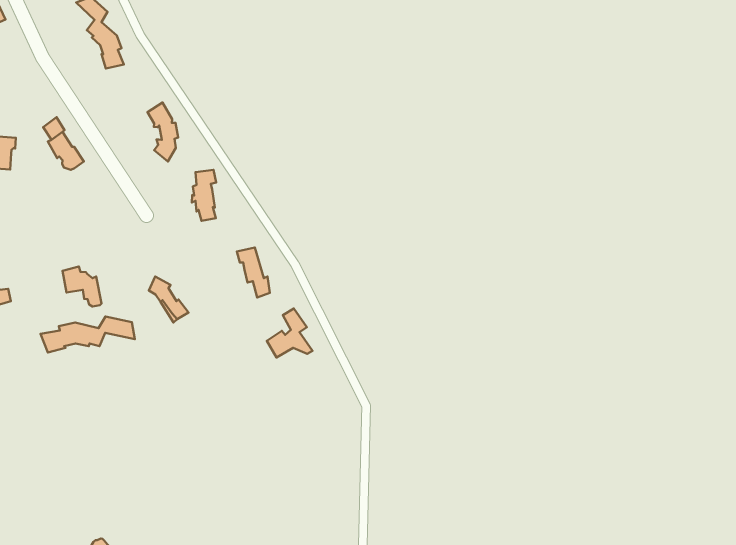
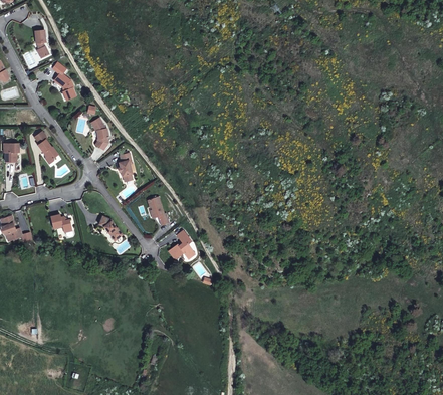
building: [41,316,135,353] -> none

